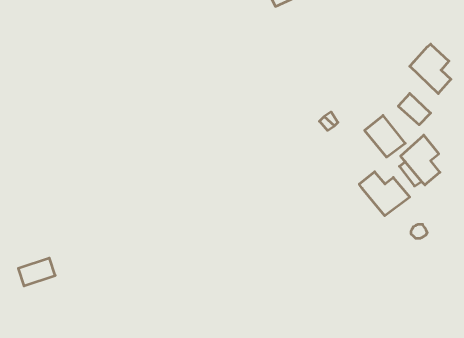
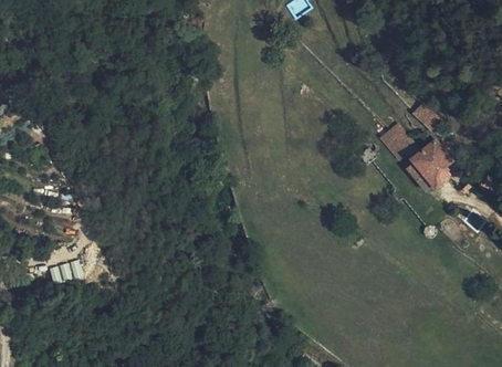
building: [410,44,451,94] -> none
building: [359,172,410,216] -> none

